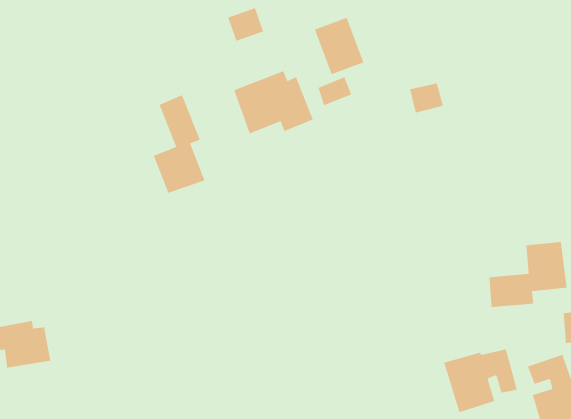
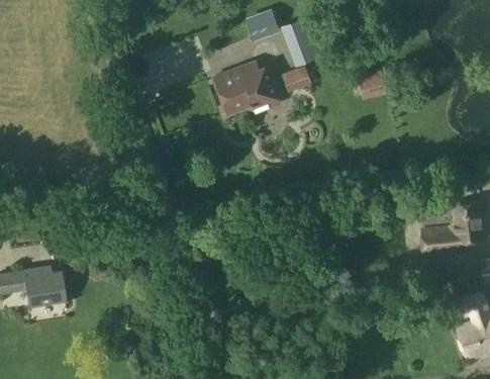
building: [227,7,264,42] -> [247,11,277,39]
building: [153,94,205,194] -> none
building: [443,348,518,413] -> none

